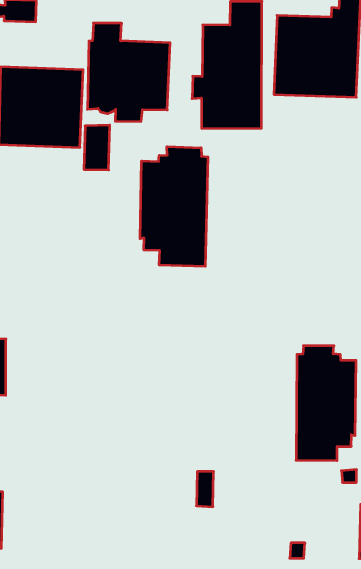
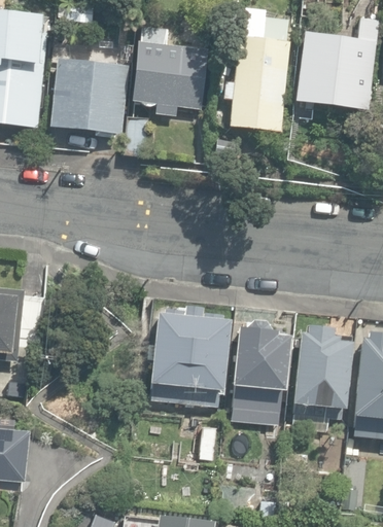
building: [140,147,208,266] -> none
building: none -> [146,303,230,402]
building: none -> [233,322,289,413]

